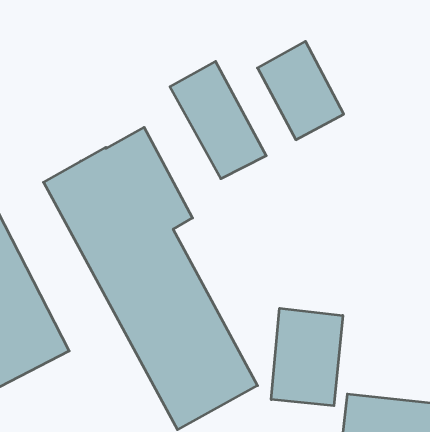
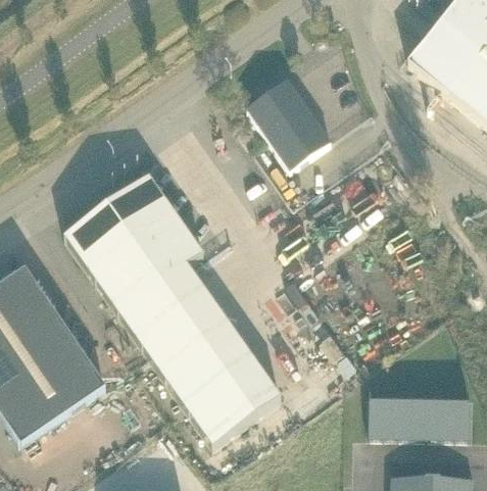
building: [170,61,266,179] -> none
building: [271,308,343,406] -> none

